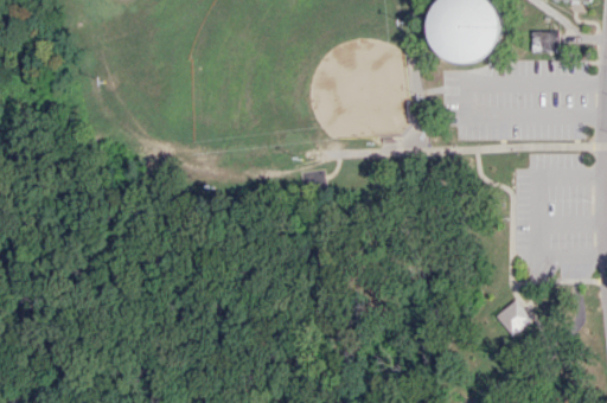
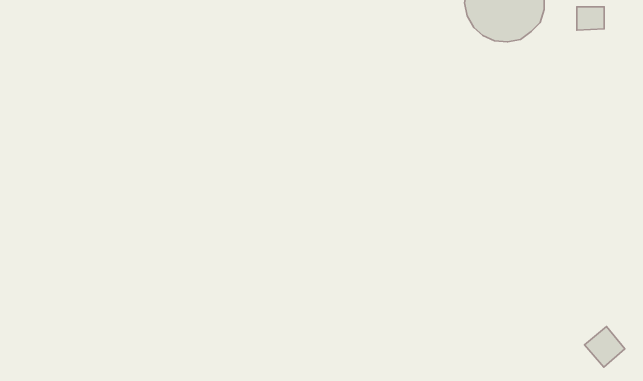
building: [492,296,529,333] -> [584,327,625,367]

